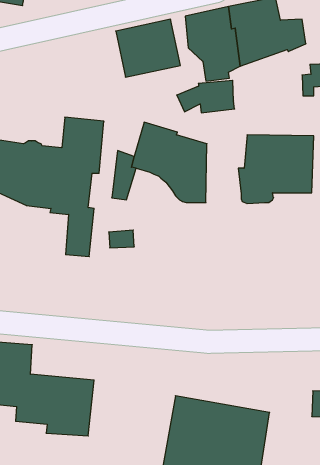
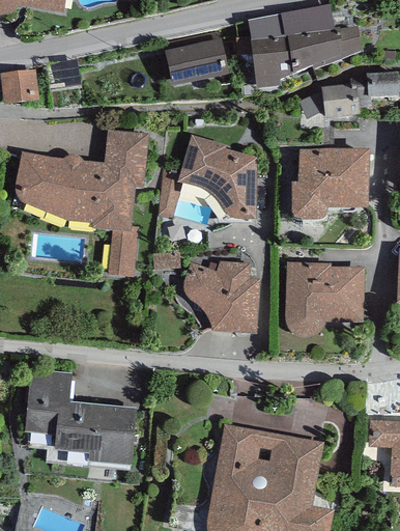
building: [177,80,235,113] -> [298,84,360,118]
building: none -> [183,259,259,334]
building: none -> [285,260,364,336]

